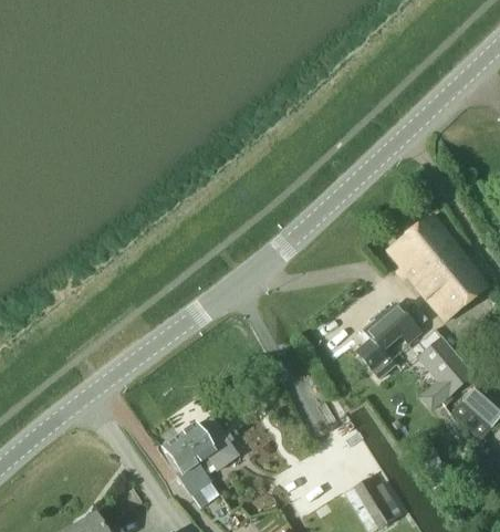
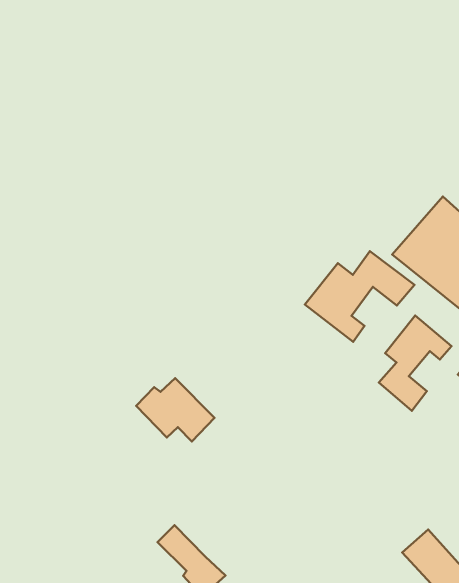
building: none -> [305,251,414,342]
building: [178,419,238,471] -> [136,378,214,442]

